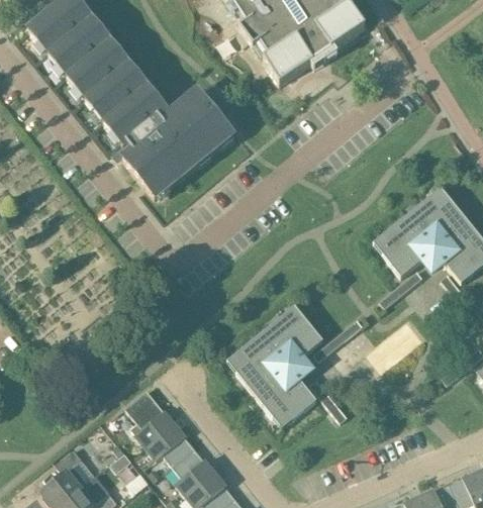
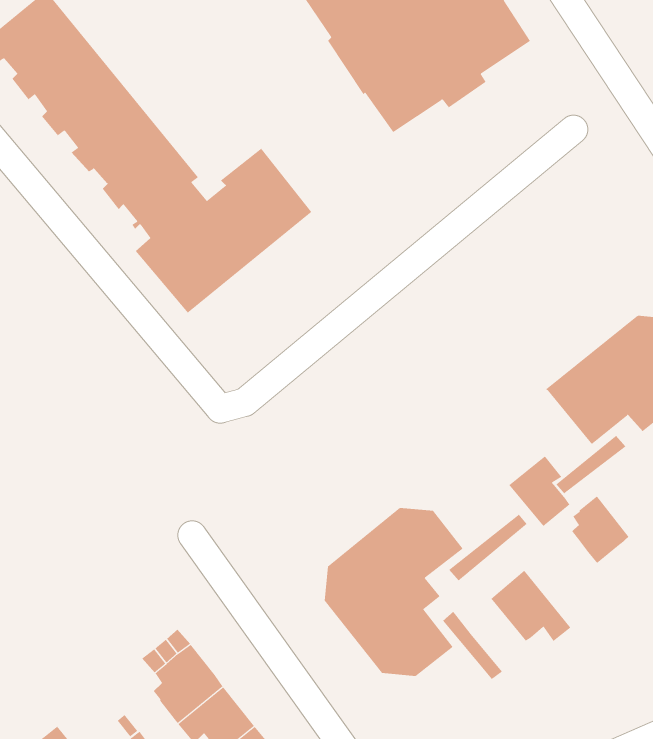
building: none -> [508,455,570,527]
building: none -> [572,496,629,564]
building: none -> [491,570,571,642]

